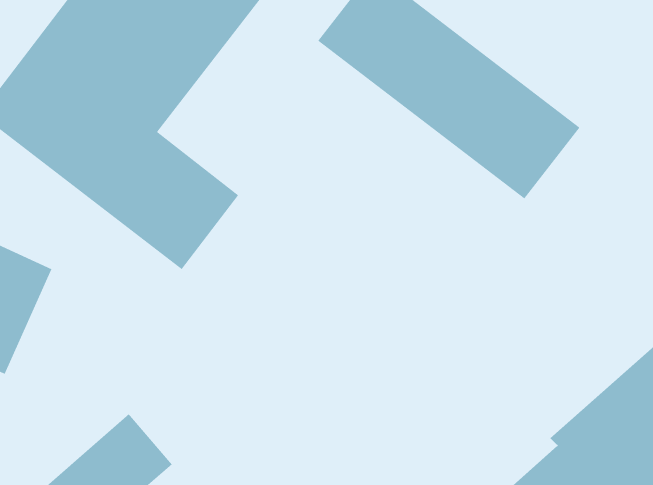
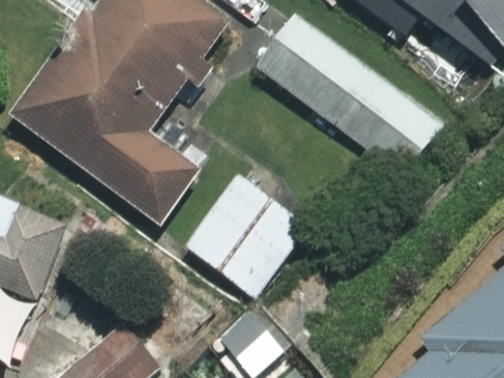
building: none -> [184,174,308,297]

